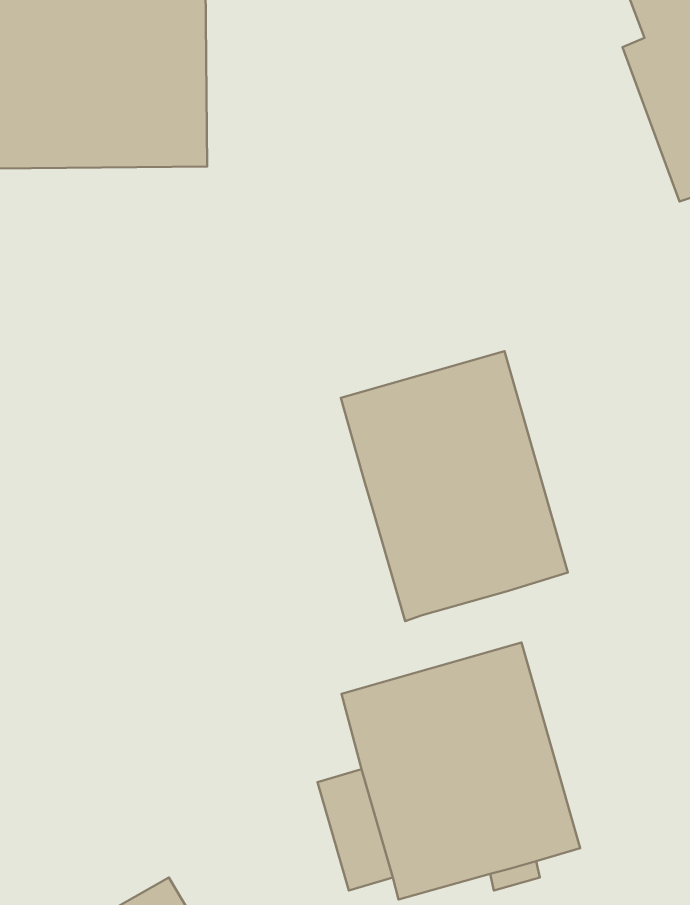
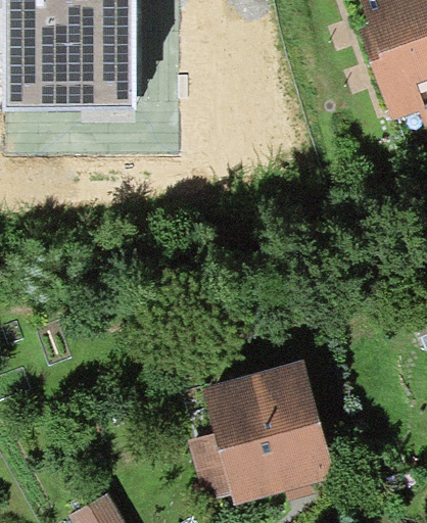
building: [341,351,568,621] -> none

